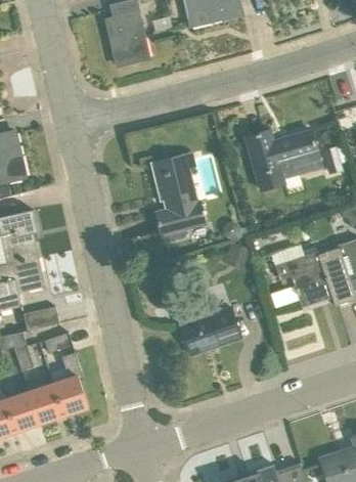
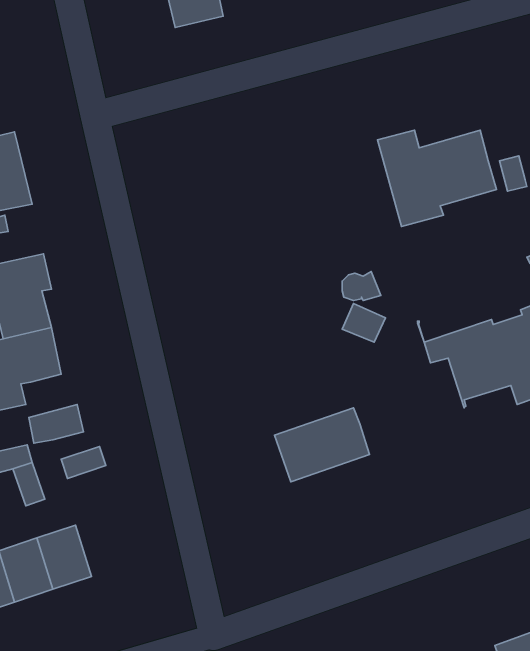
building: [151,154,207,243] -> none
building: [53,352,88,415] -> none

